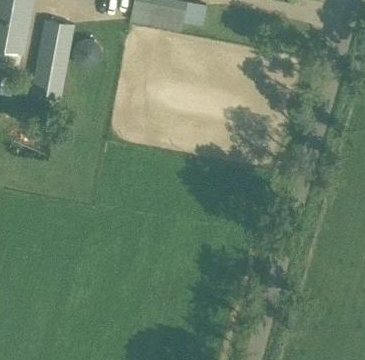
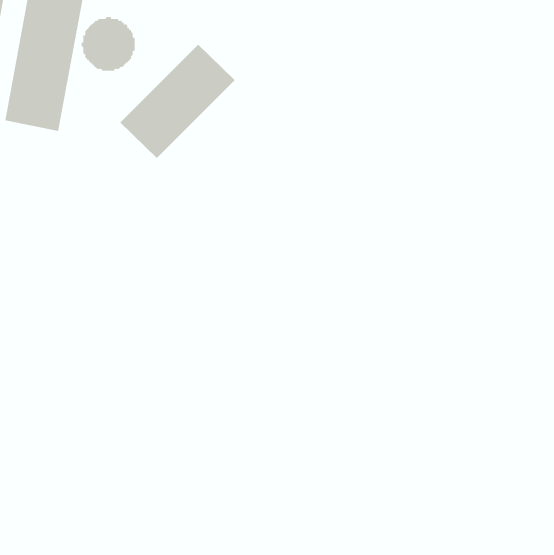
building: none -> [119,44,235,159]

